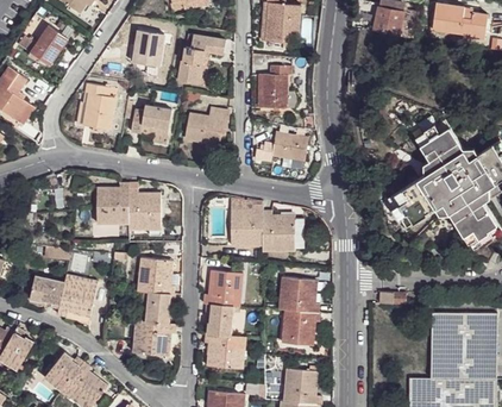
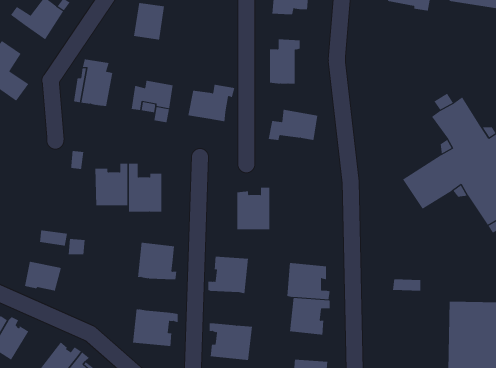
building: [177,35,225,83] -> none
building: [263,209,295,251] -> none
building: [57,274,98,317] -> none
building: [139,290,175,324] -> none
building: [206,303,233,336] -> none

